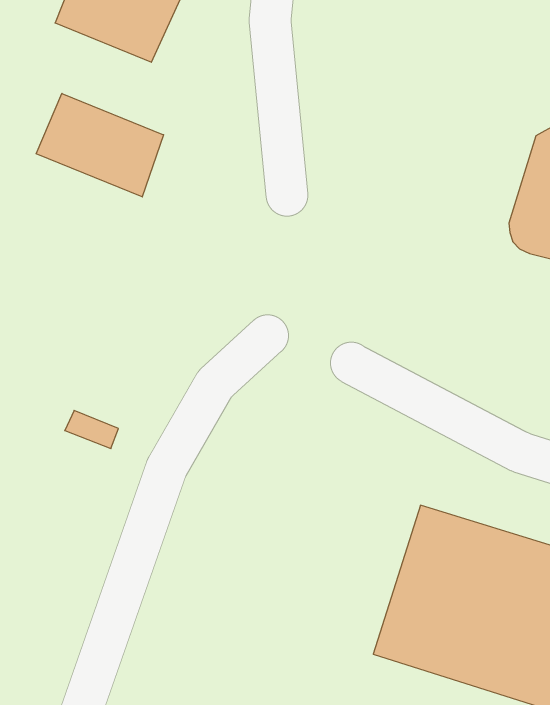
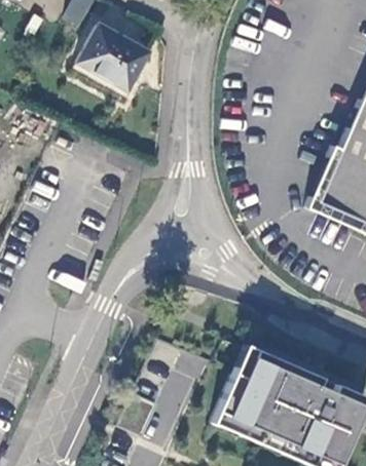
building: [36,93,164,197] -> none

